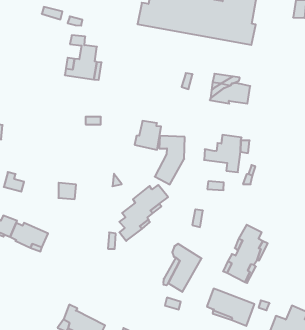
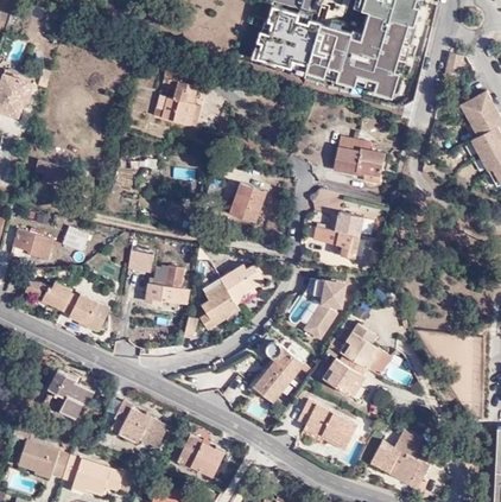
building: [155,136,185,184] -> [302,281,344,343]
building: none -> [144,262,188,303]
building: none -> [50,371,101,420]

